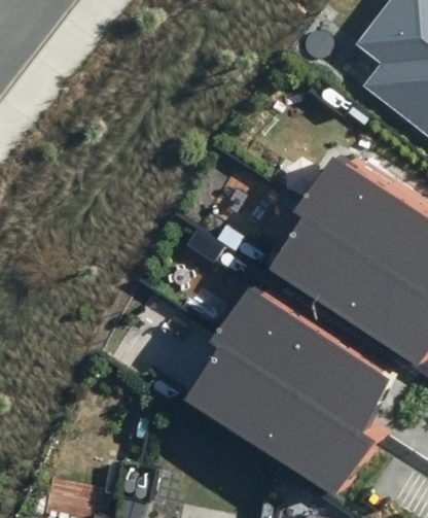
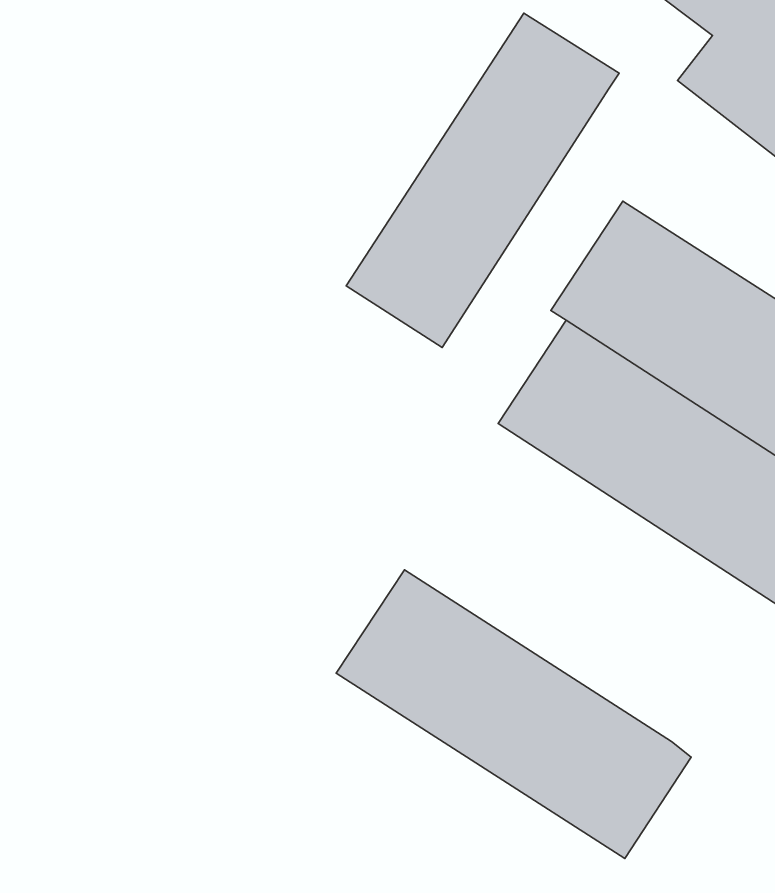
building: none -> [346,13,619,348]
building: [212,282,397,436] -> none

